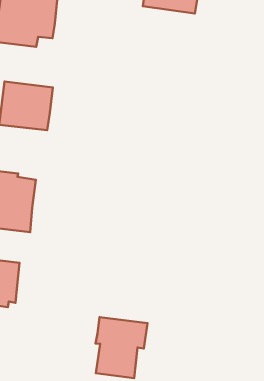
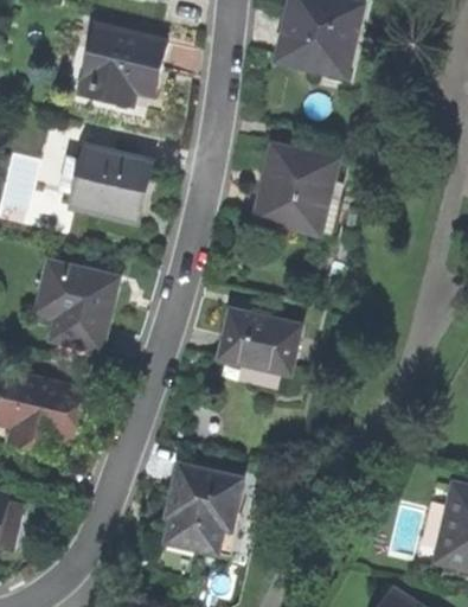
building: none -> [261,151,335,237]
building: none -> [220,314,301,377]

